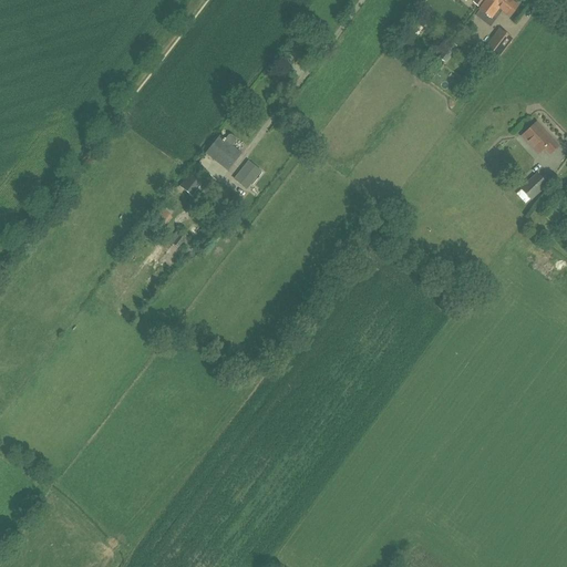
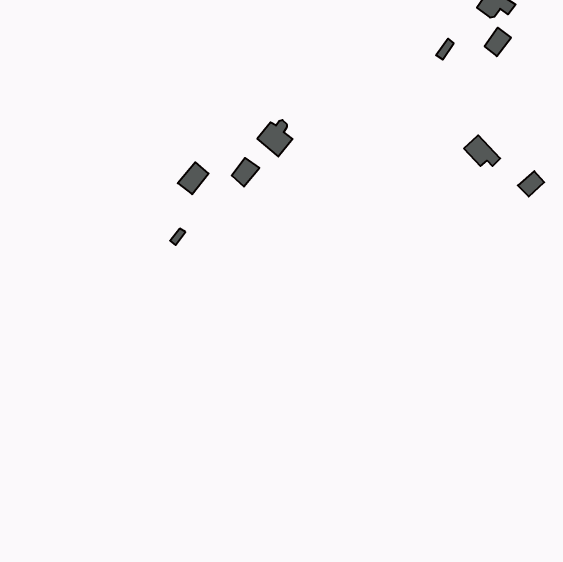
building: [520,121,557,152] -> [464,135,500,166]
building: [205,132,240,168] -> [257,120,293,157]

